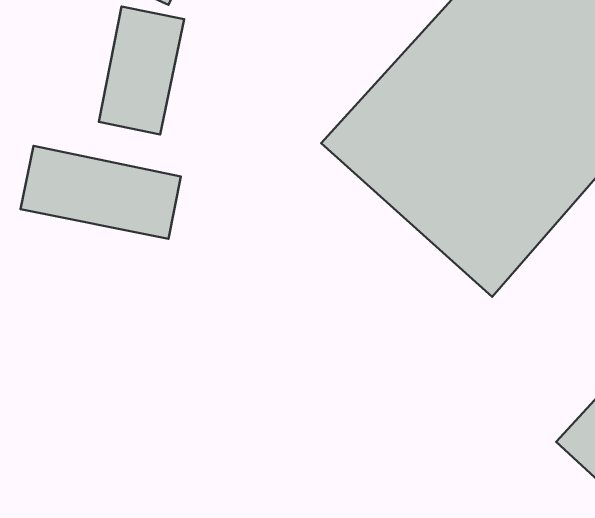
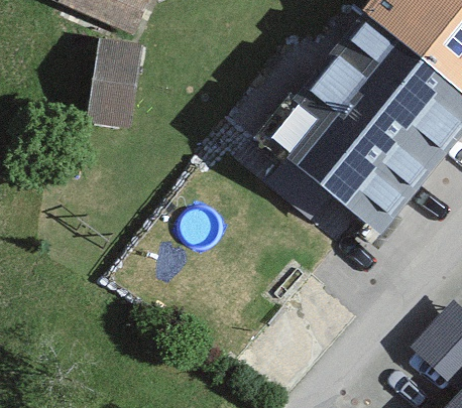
building: [20,146,181,239] -> none

